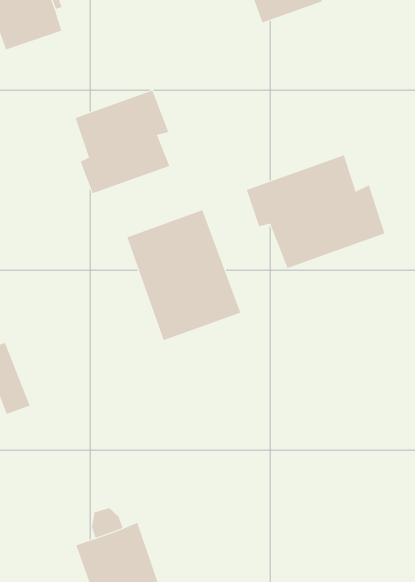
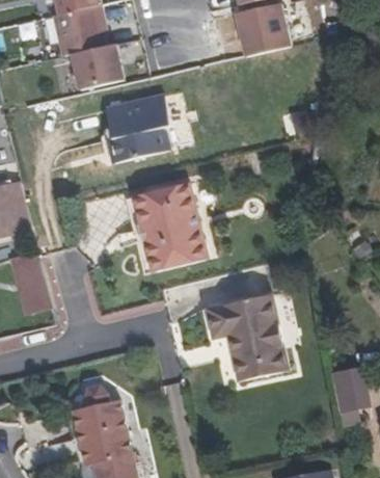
building: none -> [72,43,123,89]
building: [246,155,385,269] -> none
building: none -> [206,294,288,381]

